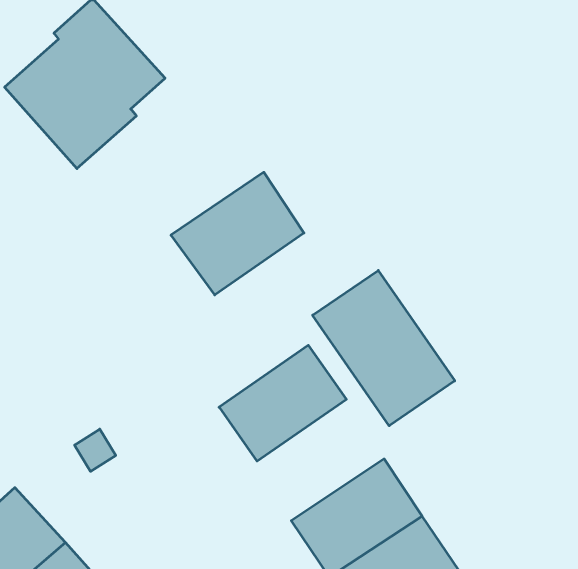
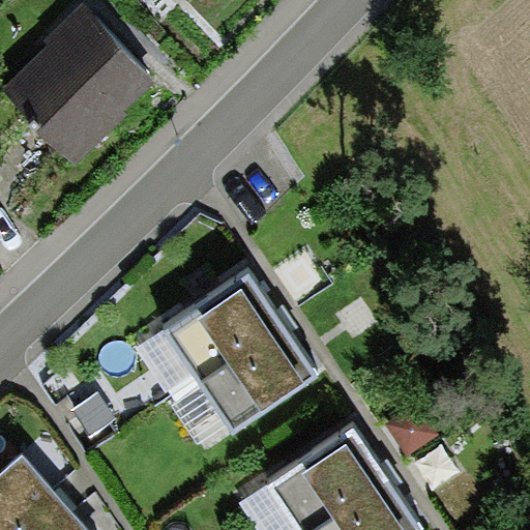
building: [171,172,304,295] -> [158,272,278,383]
building: [313,270,455,426] -> none

